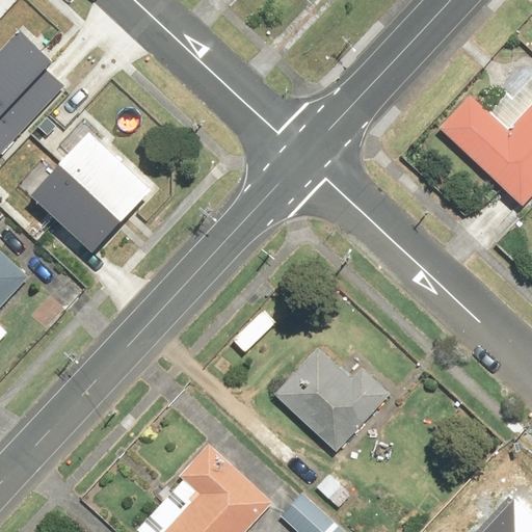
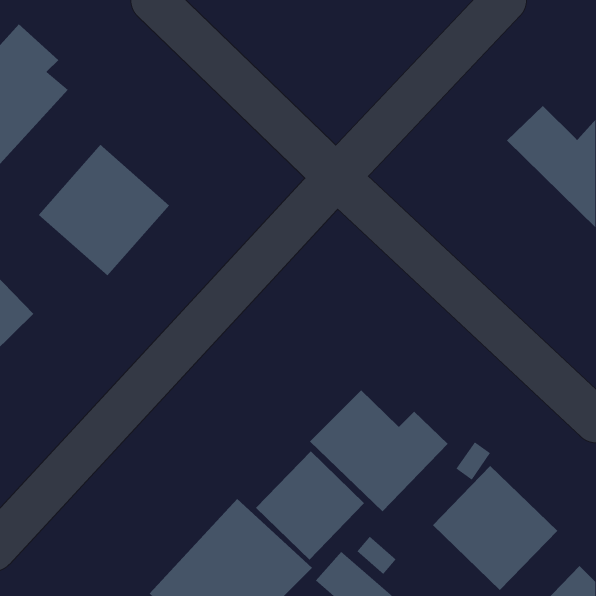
building: none -> [255,451,365,560]
building: none -> [432,465,558,591]

